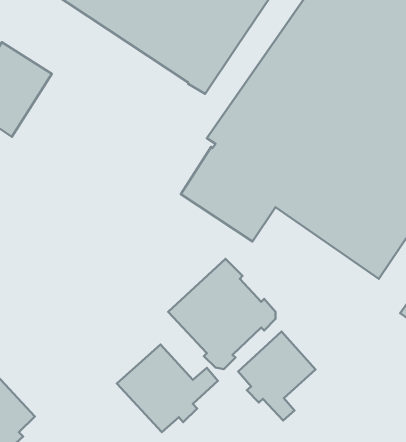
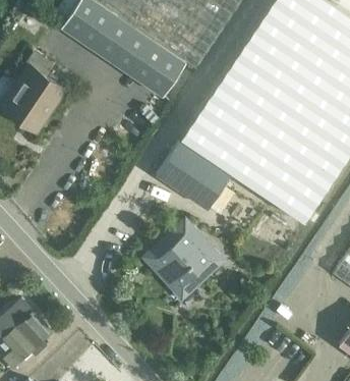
building: [238,332,316,421] -> none
building: [117,344,218,432] -> none

